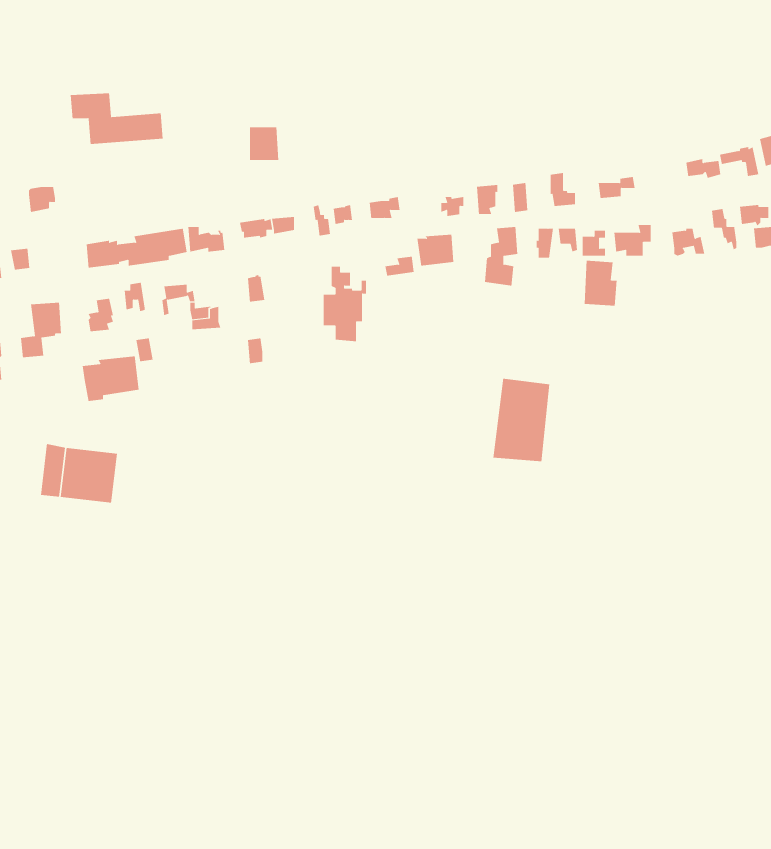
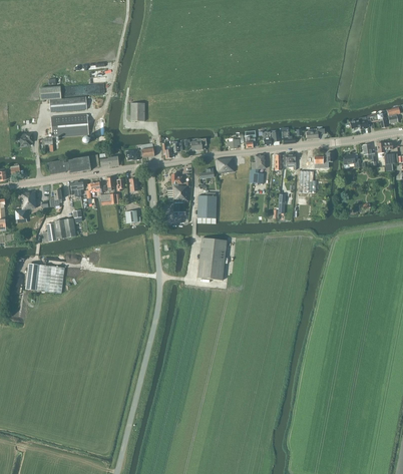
building: none -> [51,113,88,137]
building: none -> [197,192,217,223]
building: [492,378,550,462] -> [197,238,227,280]

